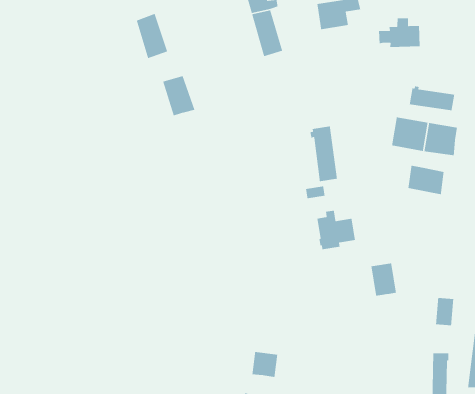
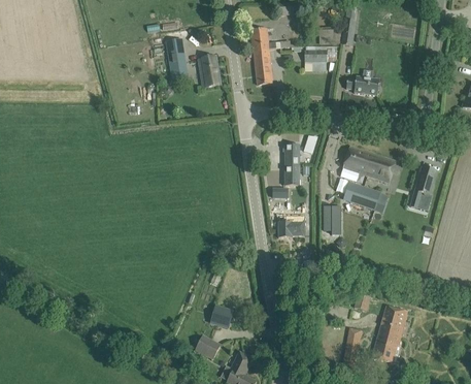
building: [162,75,196,116] -> [199,57,221,87]
building: [409,86,455,111] -> none
building: [370,263,397,300] -> [323,206,339,234]

